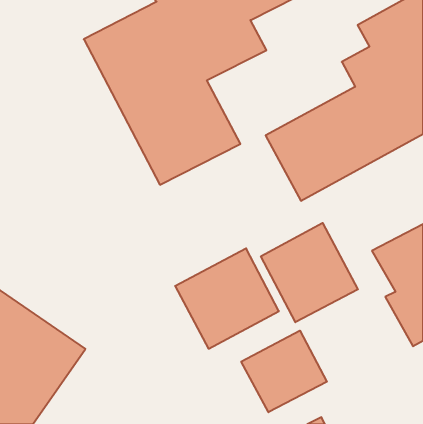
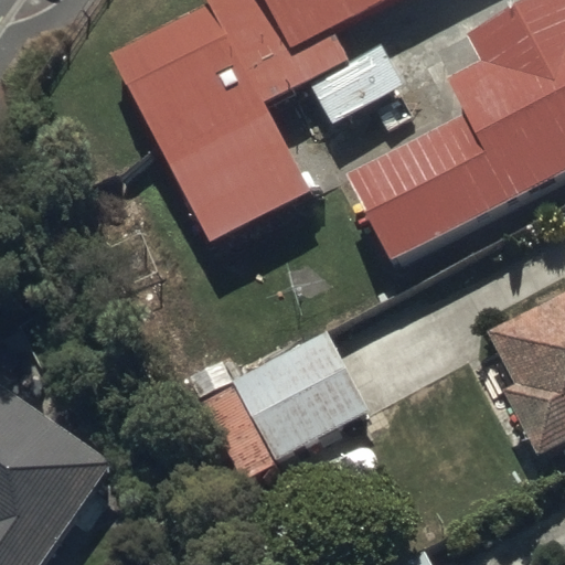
building: [261,223,358,322] -> none
building: [241,331,327,412] -> none

